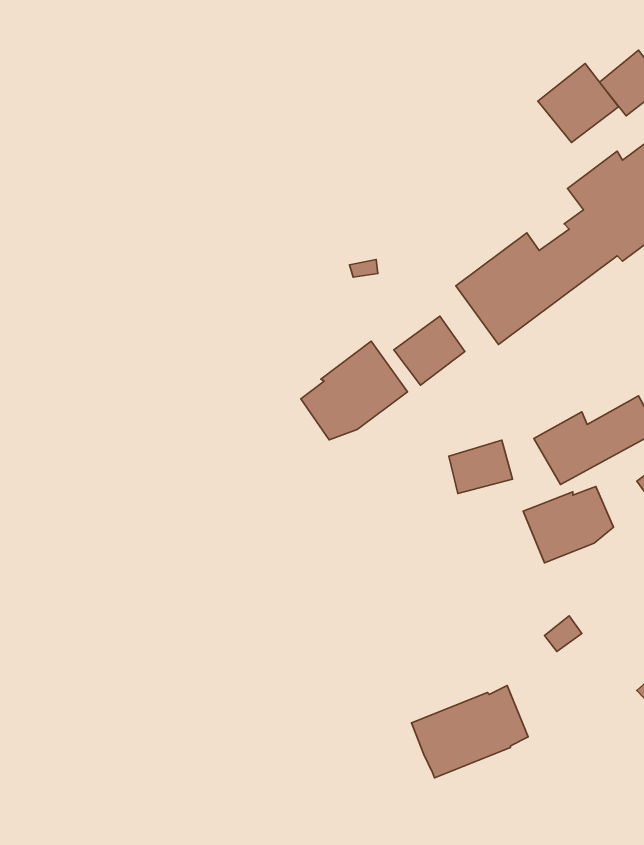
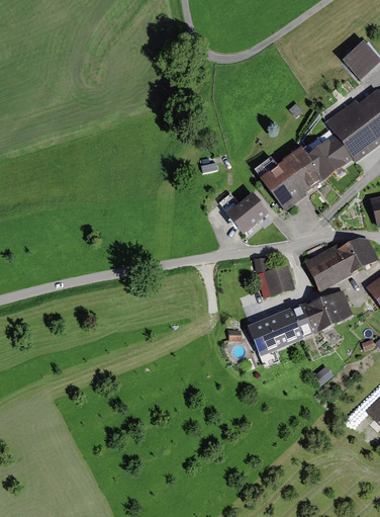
building: [538,64,619,143] -> none
building: [301,341,408,440] -> none
building: [411,685,528,778] -> [245,305,311,357]

